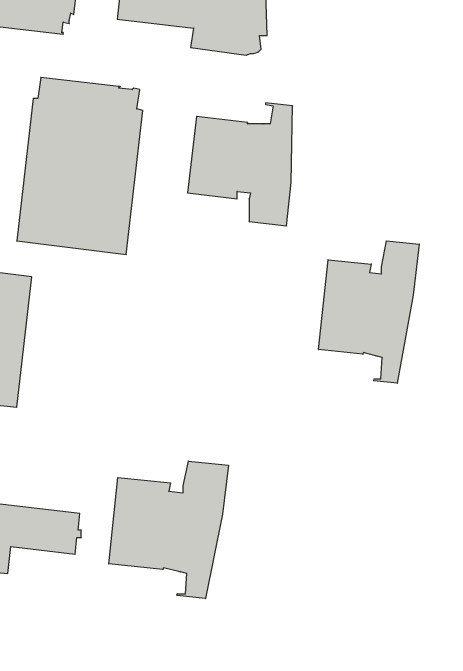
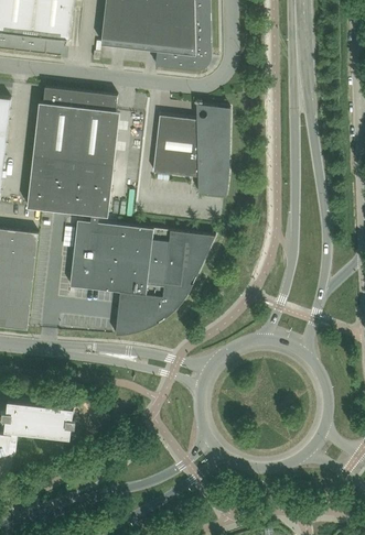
building: [319,241,419,383] -> none
building: none -> [69,220,214,335]
building: [109,461,228,599] -> none

